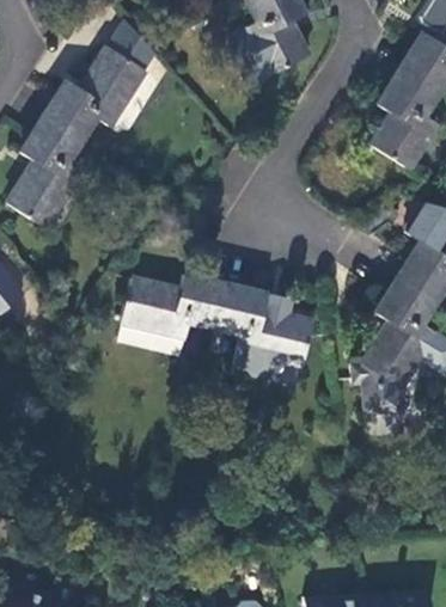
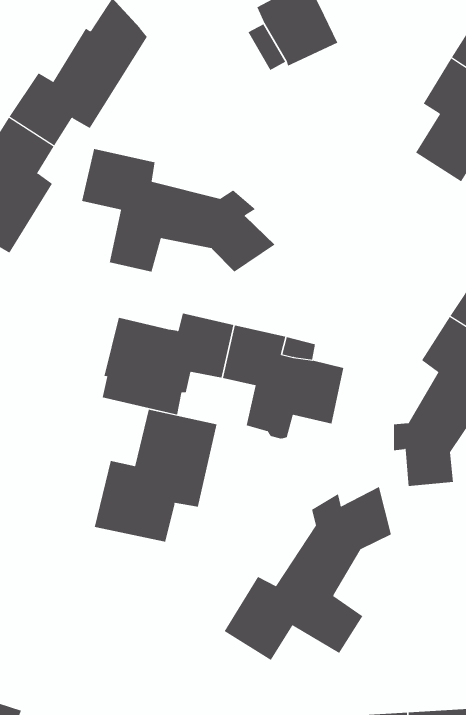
building: none -> [82,148,275,273]
building: none -> [94,409,217,543]
building: none -> [224,486,392,661]

